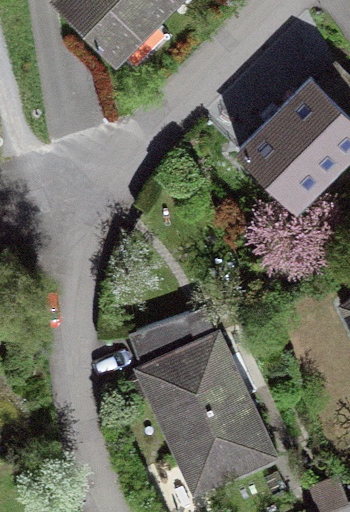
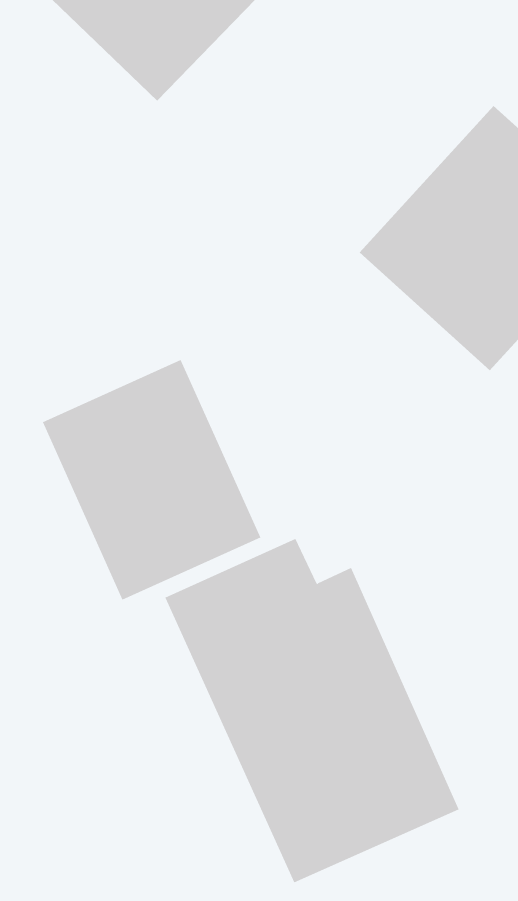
building: none -> [42,359,261,601]

